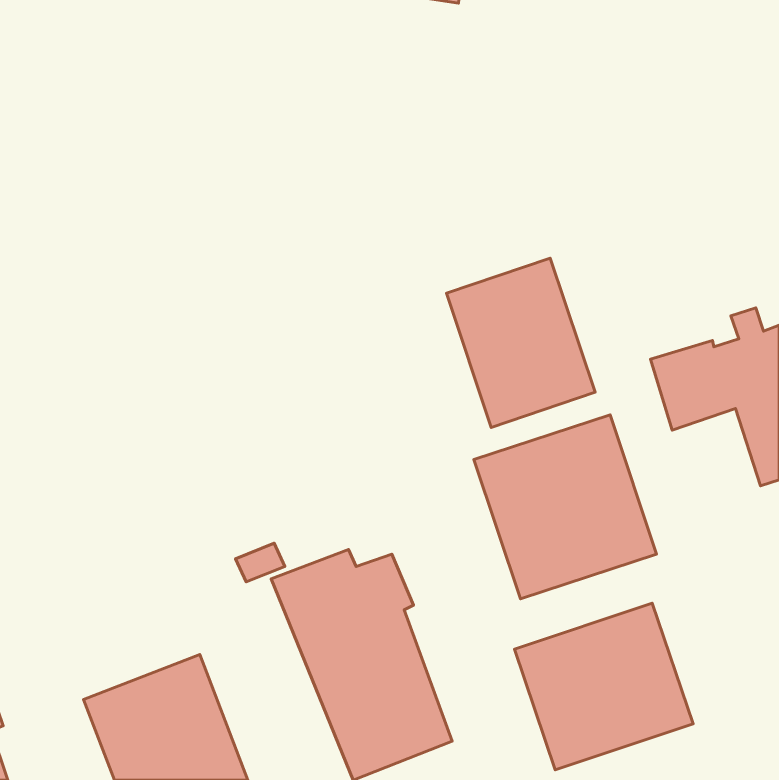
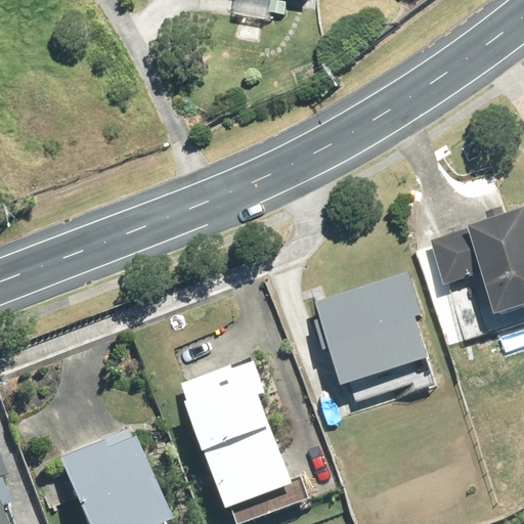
building: [446,258,595,427] -> none
building: [514,603,693,770] -> none

